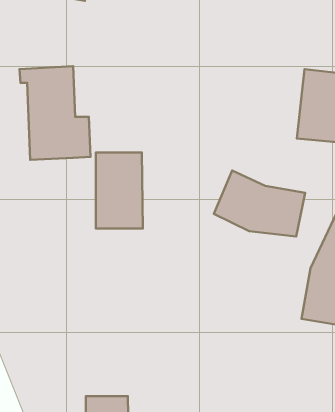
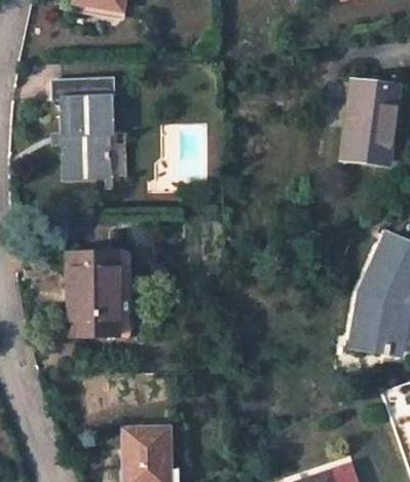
building: [96,152,143,228] -> [67,254,116,334]
building: [214,170,305,236] -> none

